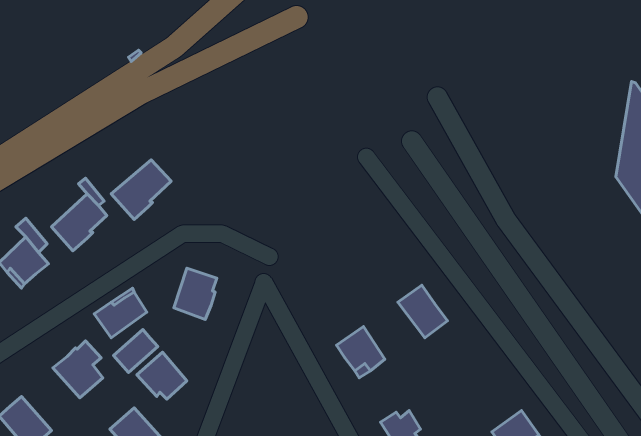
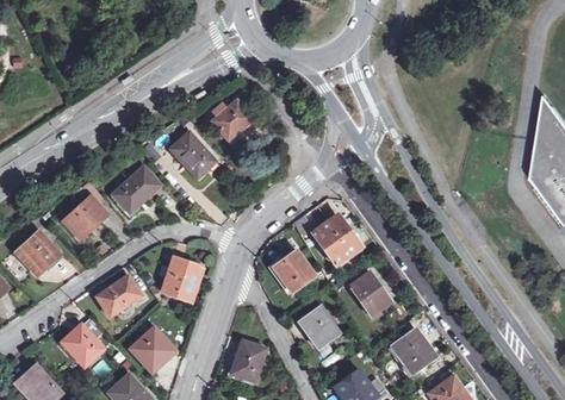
building: none -> [212,101,252,143]
building: none -> [170,132,215,181]
building: none -> [309,214,356,263]
building: none -> [273,252,315,293]
building: [113,330,158,373] -> none
building: none -> [392,330,435,374]
building: none -> [231,340,265,381]

